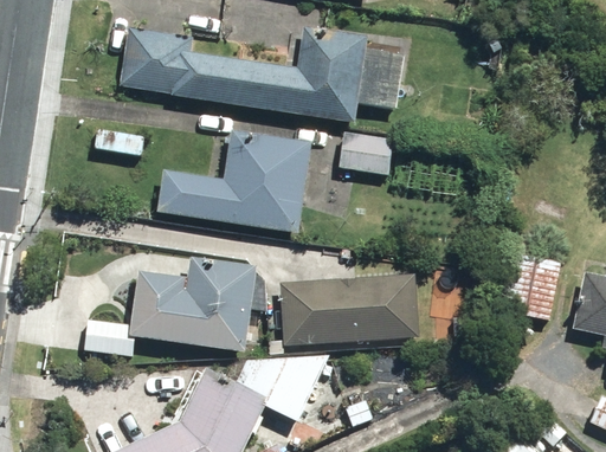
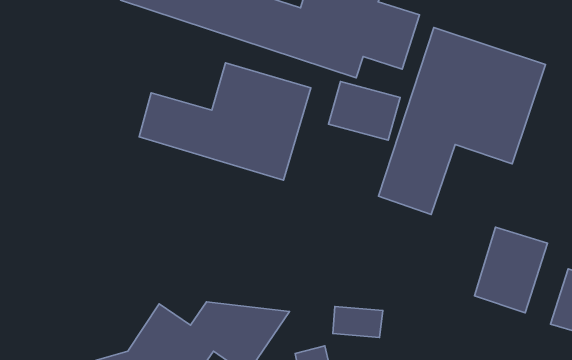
building: none -> [378,28,546,215]
building: [85,260,254,357] -> none
building: [281,273,425,343] -> none

